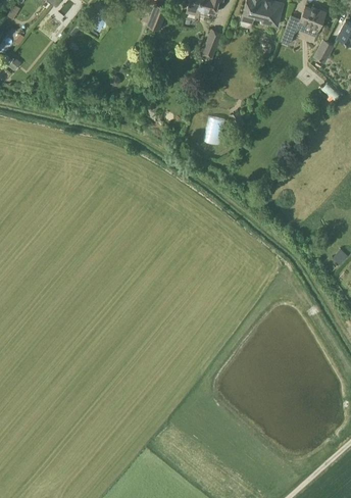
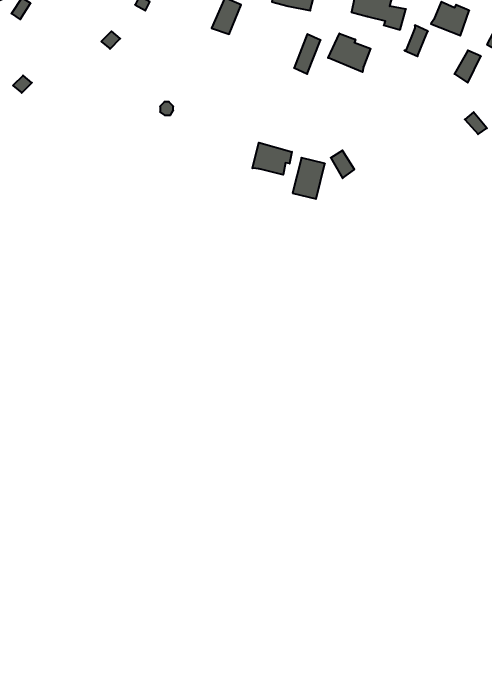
building: none -> [328,33,371,72]
building: none -> [252,143,292,175]

